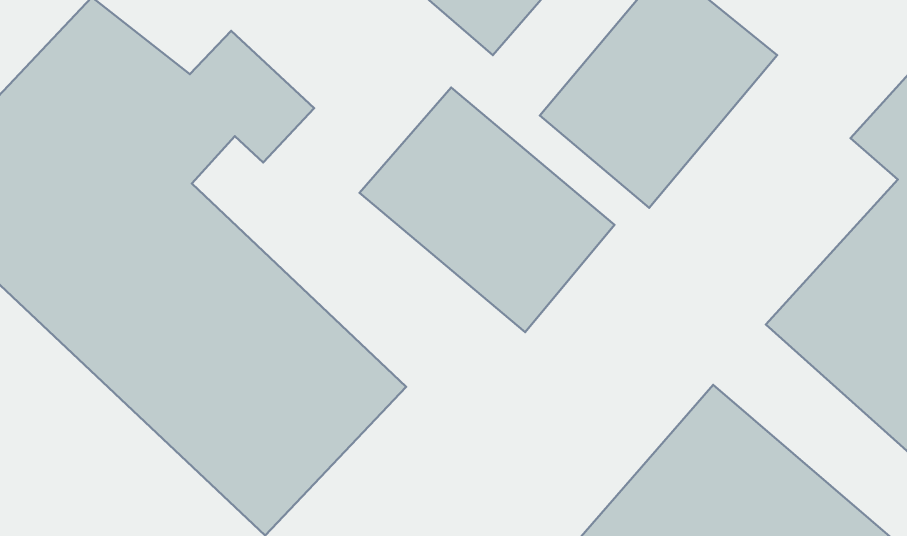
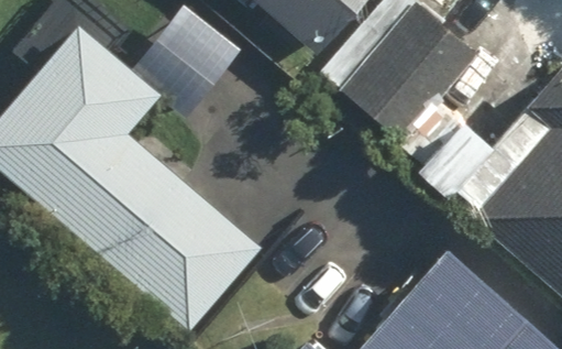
building: [359,87,615,332] -> none

